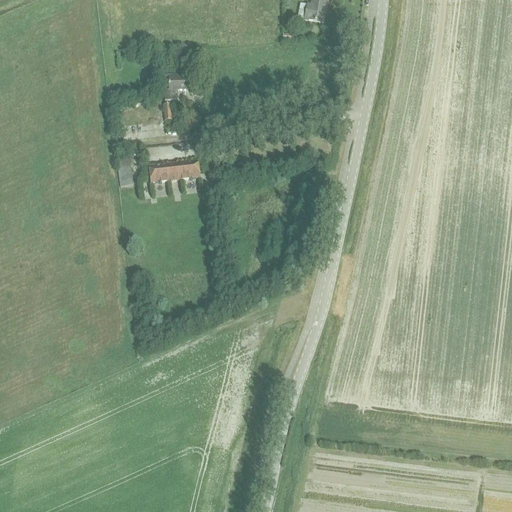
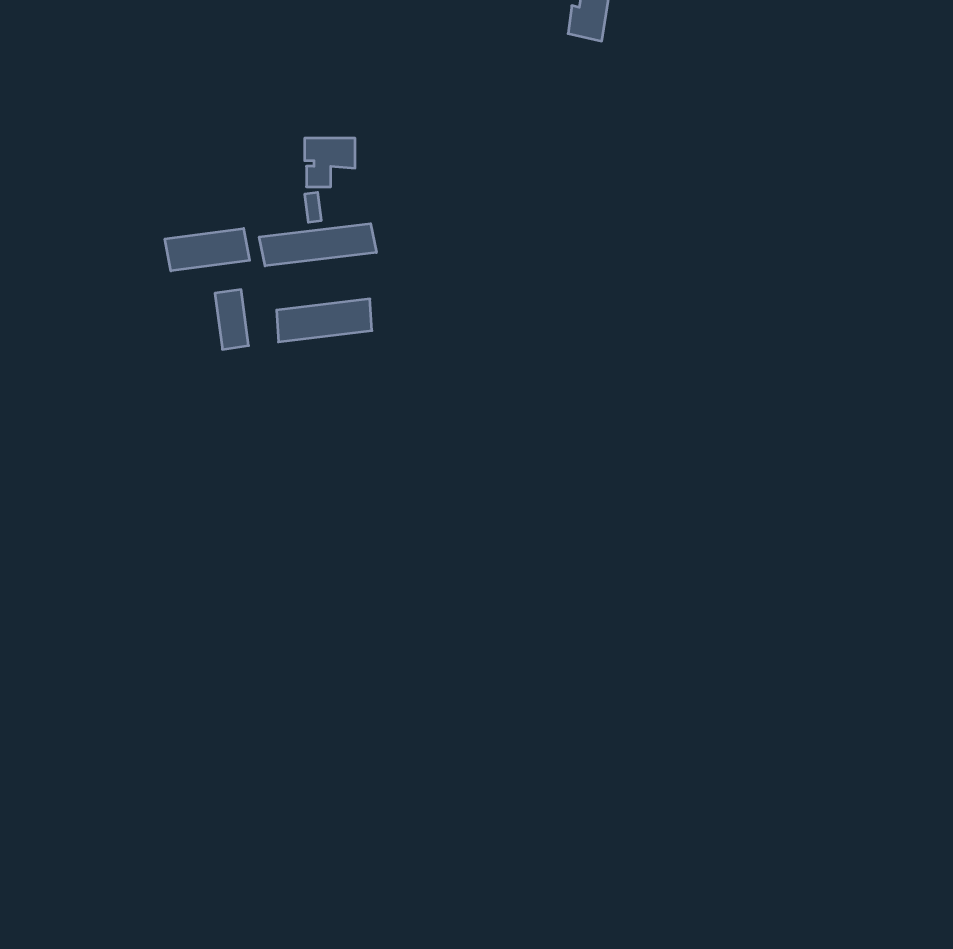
building: none -> [259,224,376,266]
building: none -> [165,228,250,271]

